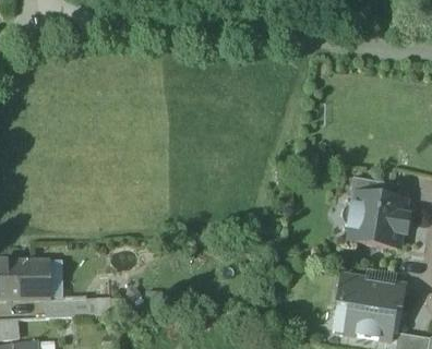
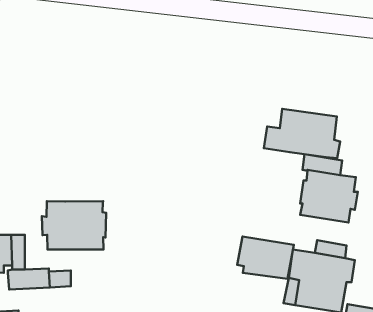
building: none -> [264,109,340,158]
building: none -> [42,201,106,249]
building: none -> [237,237,294,279]

